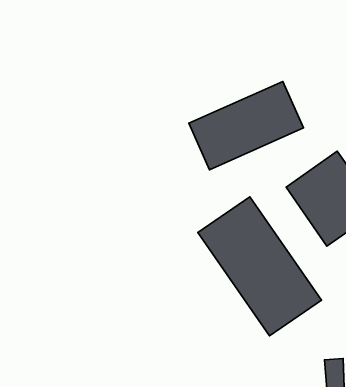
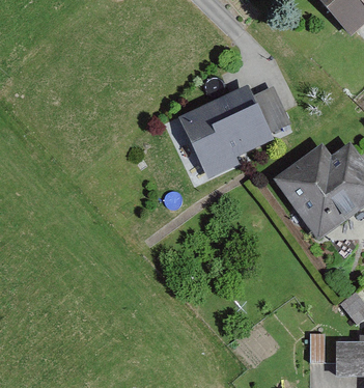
building: [198,197,321,336] -> none

